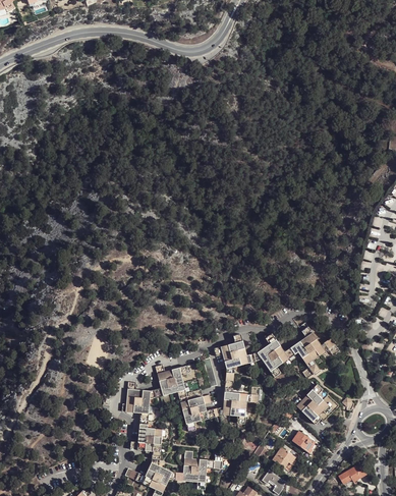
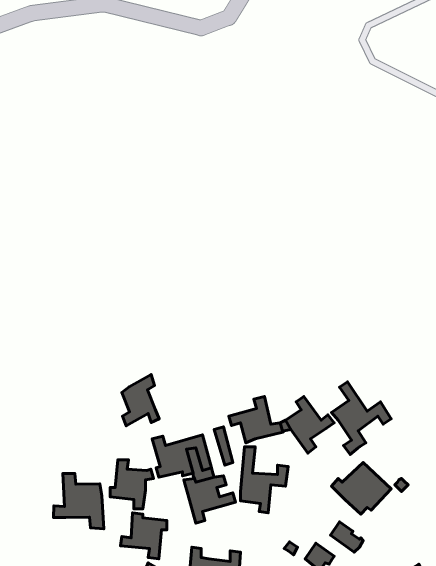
building: none -> [122,374,159,426]
building: none -> [54,473,104,529]

